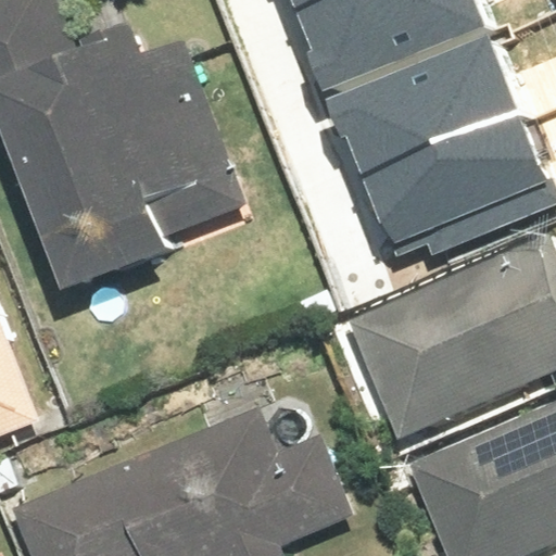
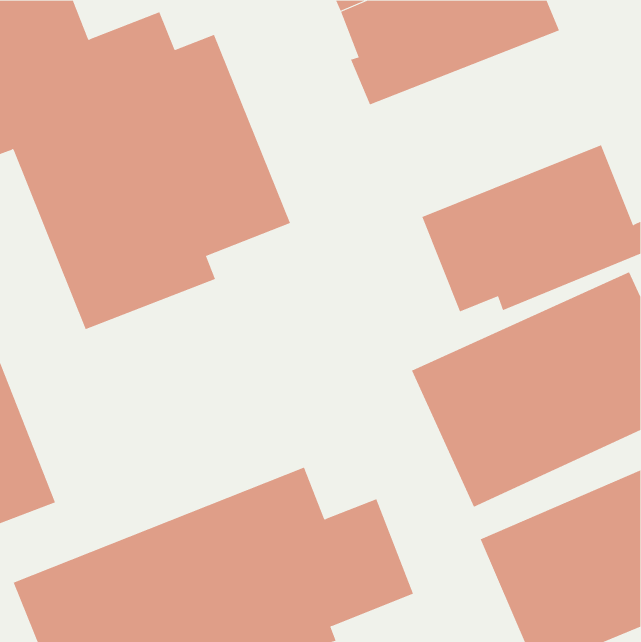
building: [313,50,515,191] -> none

